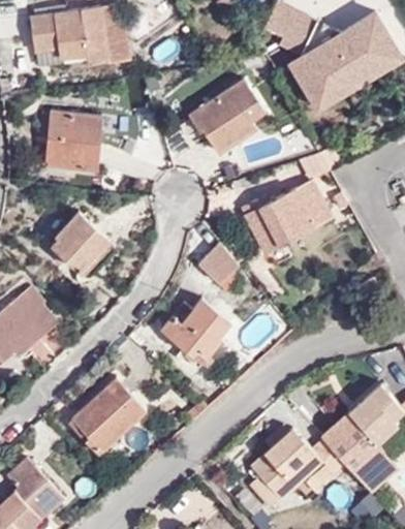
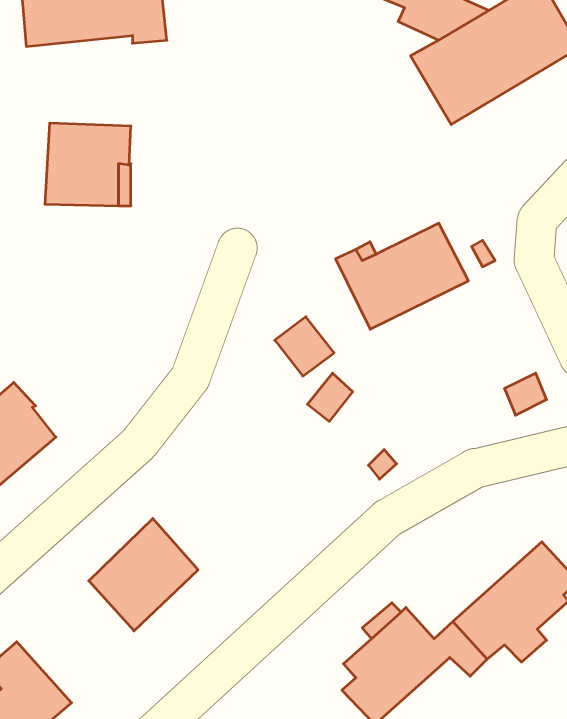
building: [189,79,270,154] -> none
building: [48,210,108,273] -> none
building: [164,295,232,369] -> none

